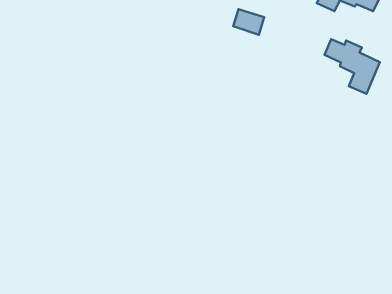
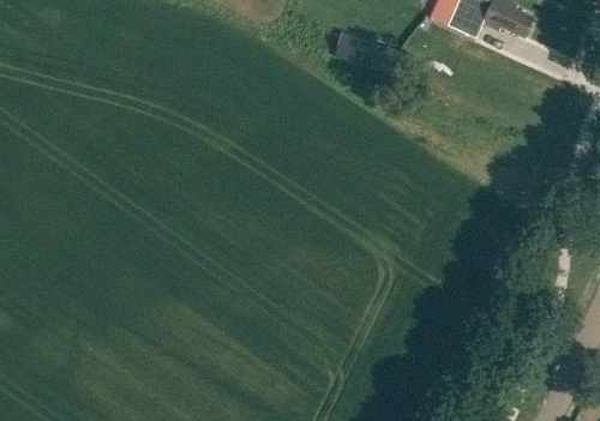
building: [325,39,380,94] -> none

